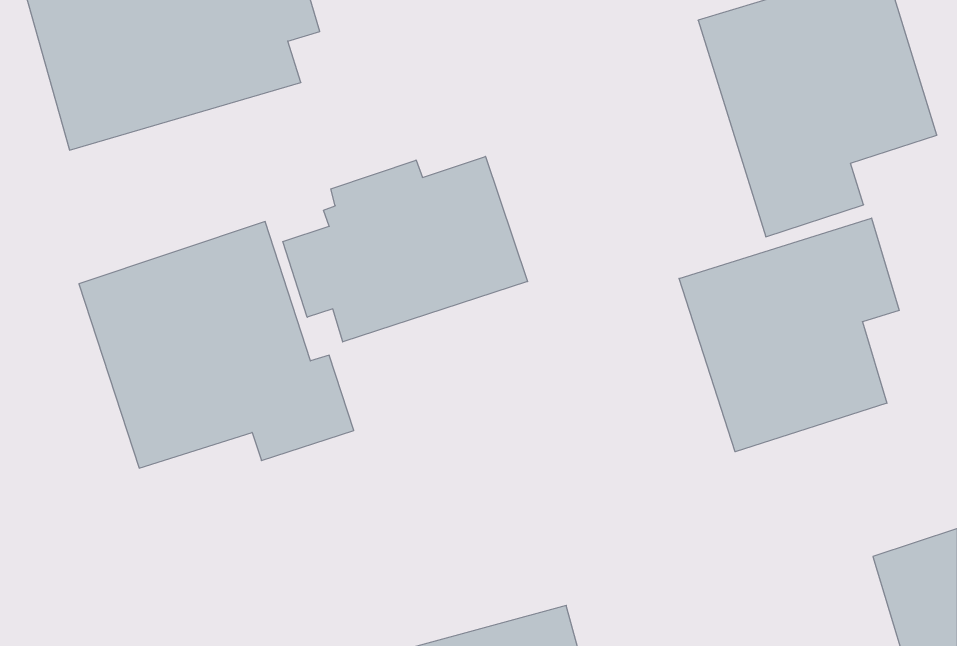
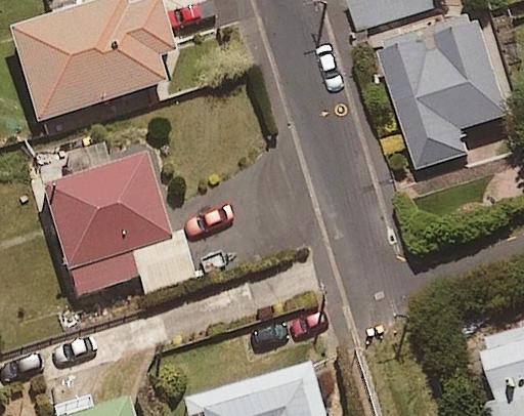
building: [283,156,528,342] -> none
building: [679,218,899,452] -> none

